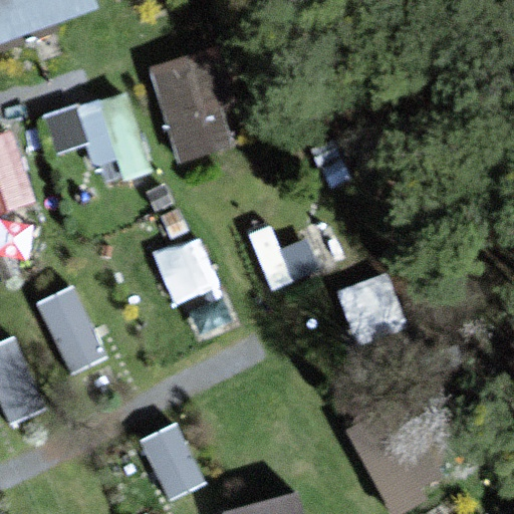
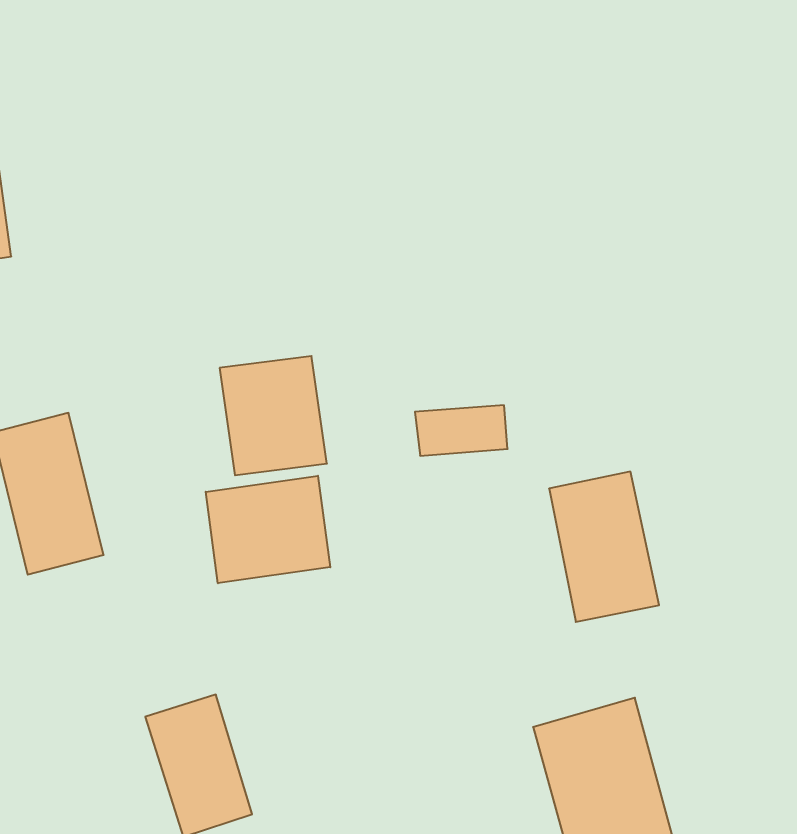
building: [147,49,231,161] -> none
building: [39,90,142,165] -> none
building: none -> [206,476,330,583]

